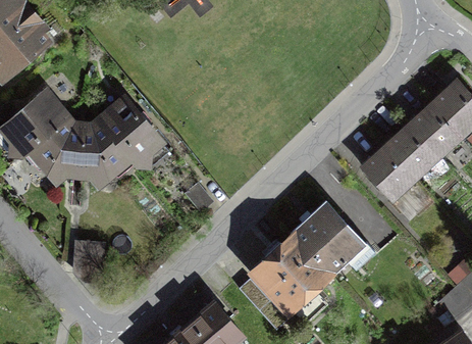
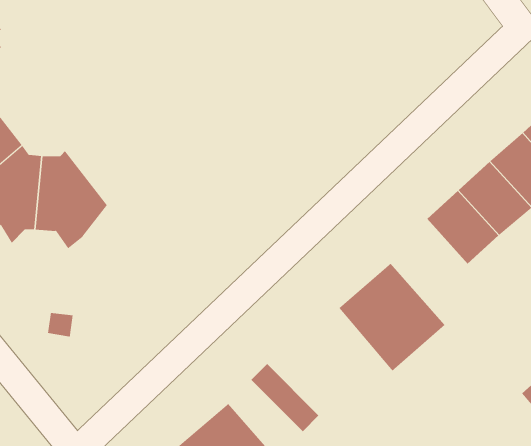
building: [94,95,165,168] -> none
building: [257,234,336,314] -> none

